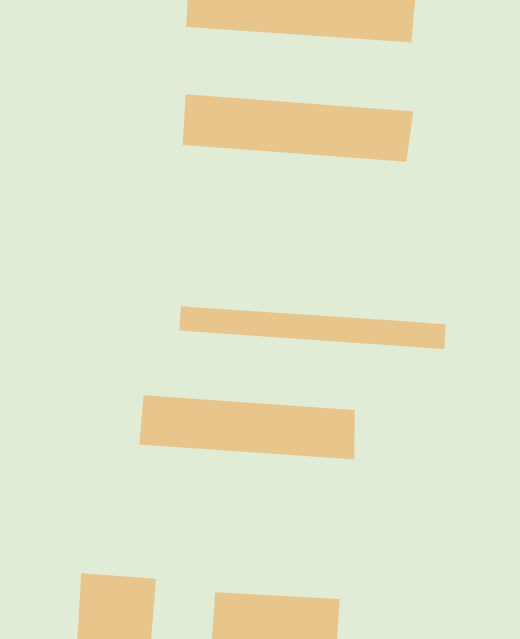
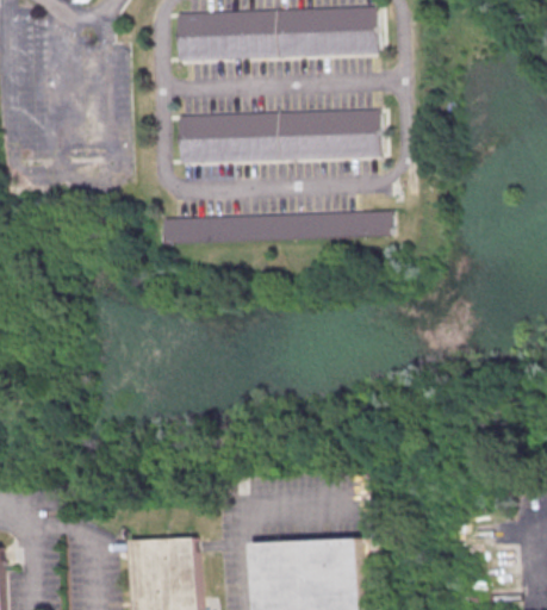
building: [179,305,447,350] -> [157,212,391,244]
building: [139,394,356,460] -> none

